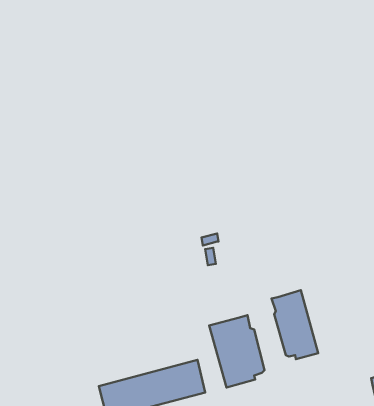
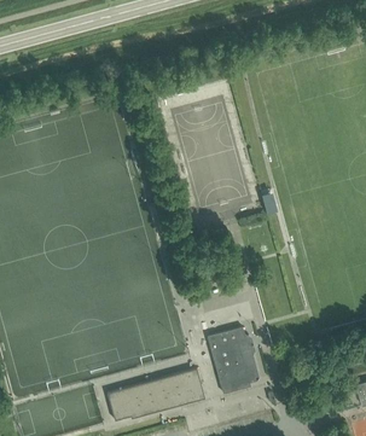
building: [272,290,318,359] -> none

